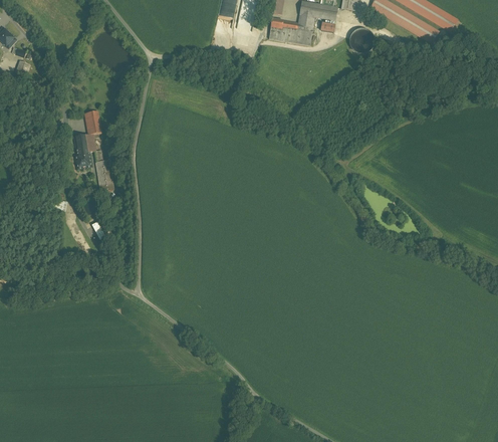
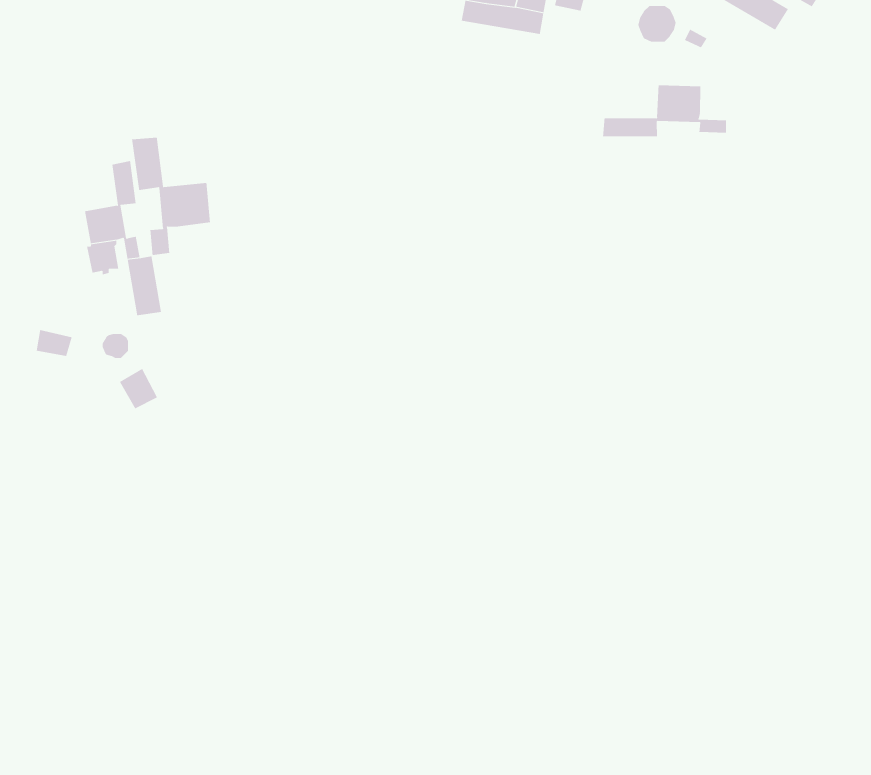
building: none -> [603,84,727,137]
building: none -> [132,137,211,256]

